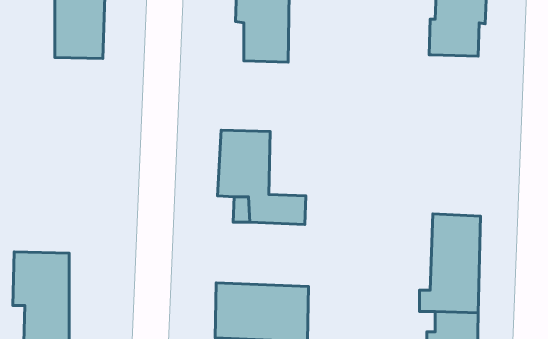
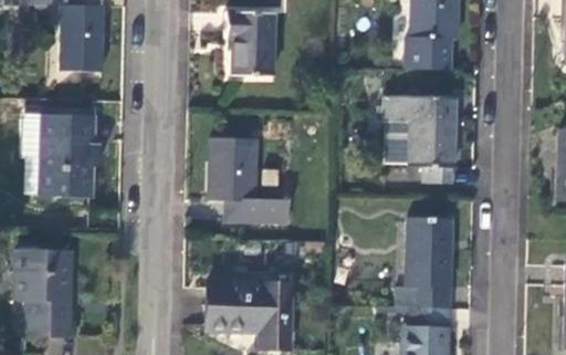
building: none -> [385,93,455,185]
building: none -> [21,112,111,197]

